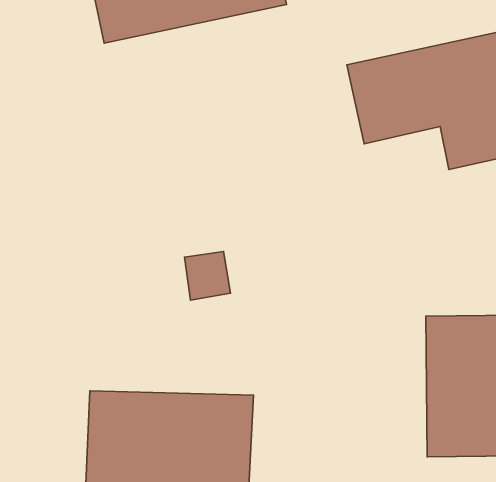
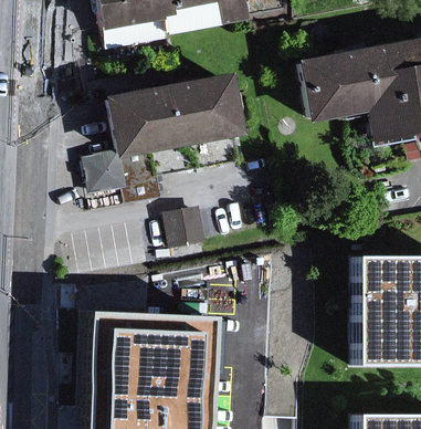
building: none -> [87,72,239,199]

